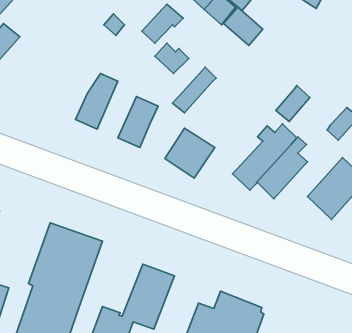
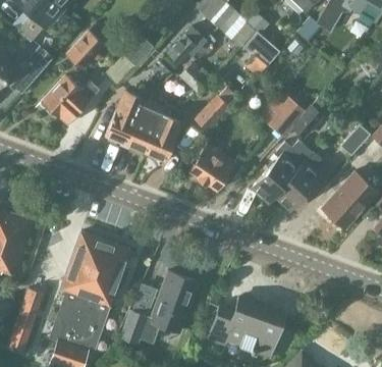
building: none -> [63,29,105,71]
building: none -> [42,76,98,123]
building: none -> [262,93,310,137]
building: none -> [125,100,164,153]

